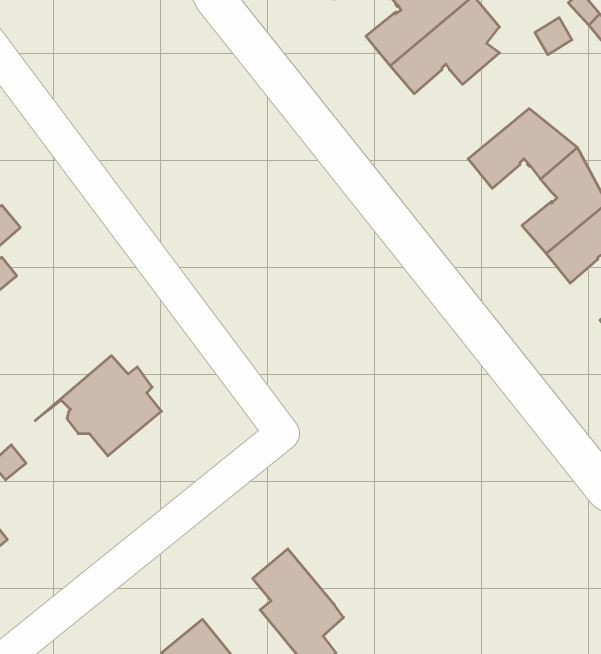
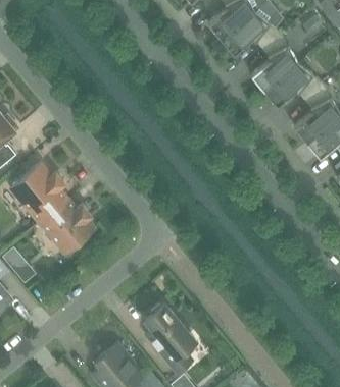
building: none -> [250,32,297,90]
building: none -> [11,162,67,233]

